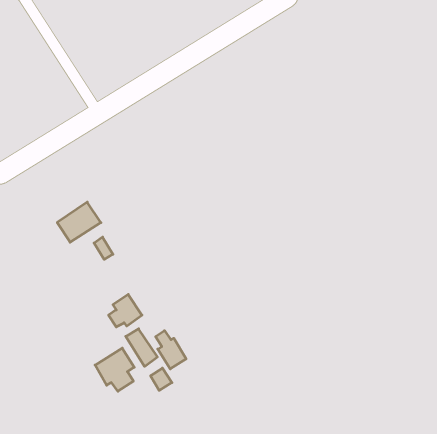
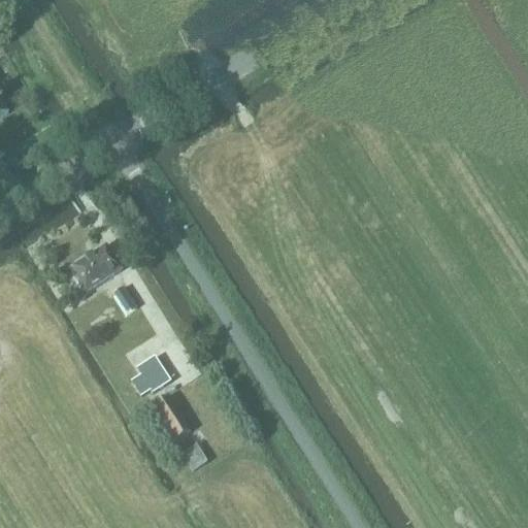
building: [156,331,186,369] -> none
building: [95,348,134,391] -> none

